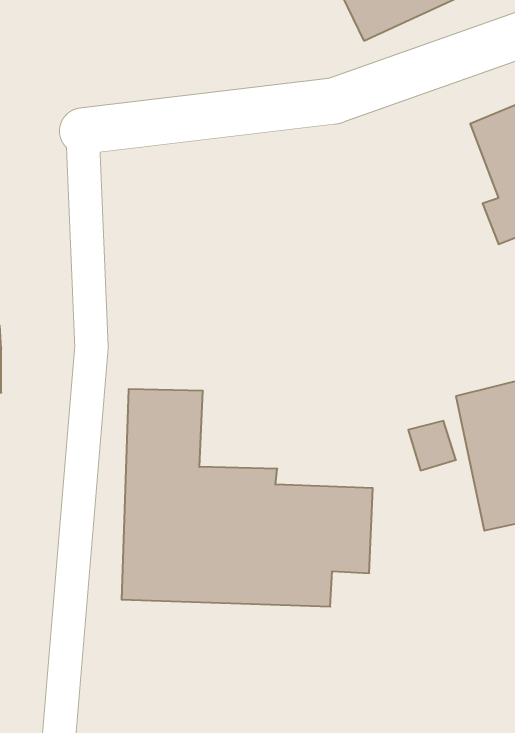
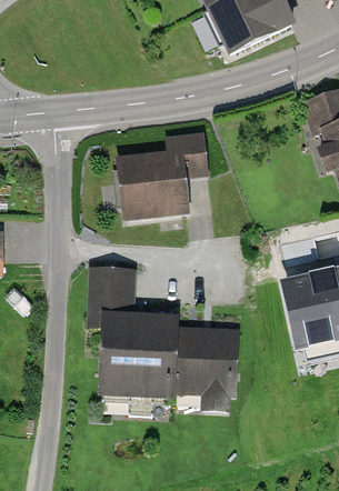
building: none -> [120,131,211,217]

